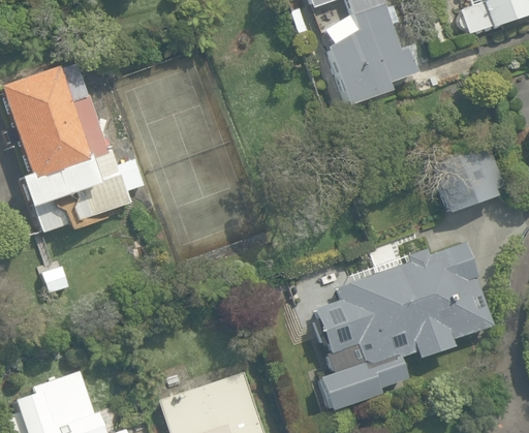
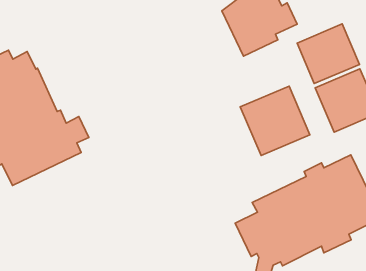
building: none -> [297,24,360,84]
building: none -> [240,86,310,155]

